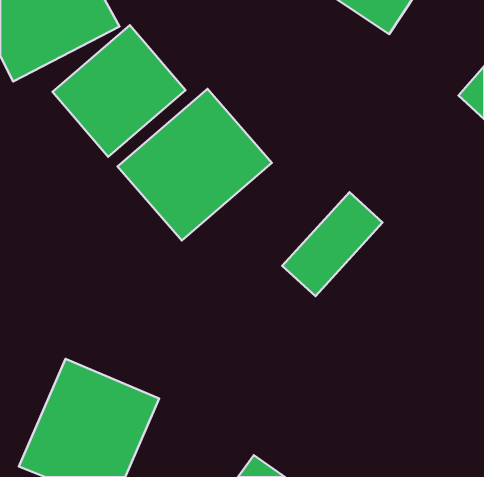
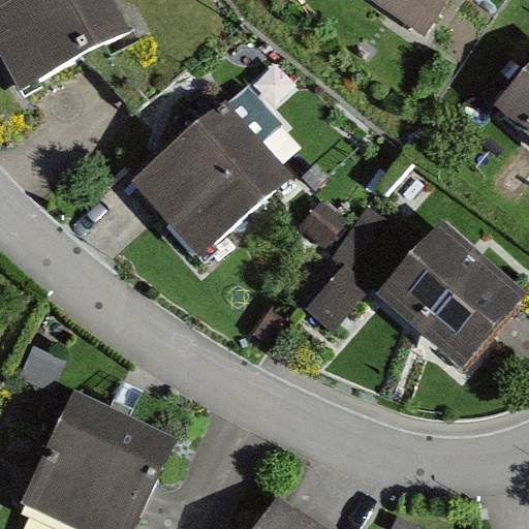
building: [52,25,185,157] -> none
building: none -> [378,219,522,362]

